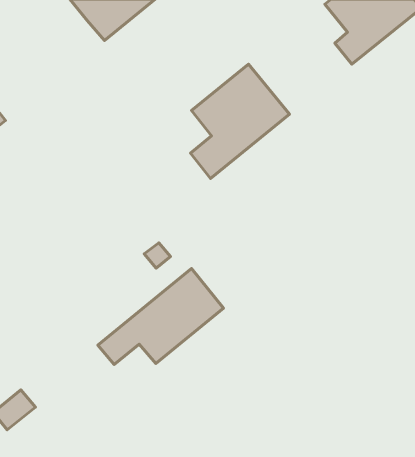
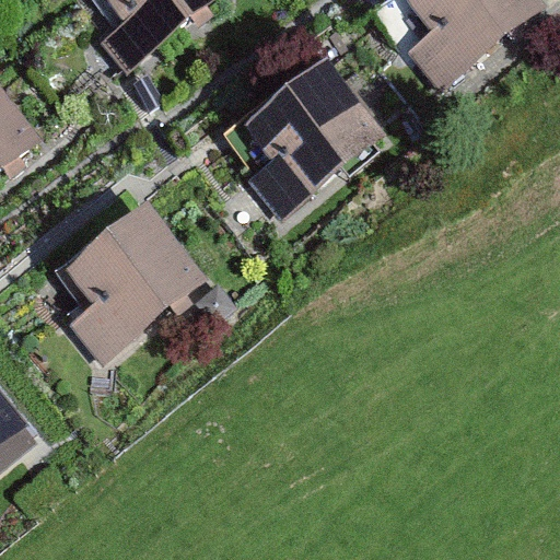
building: none -> [73,222,190,359]
building: [98,269,224,364] -> none

